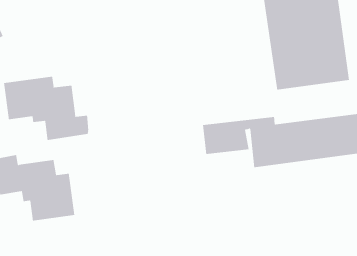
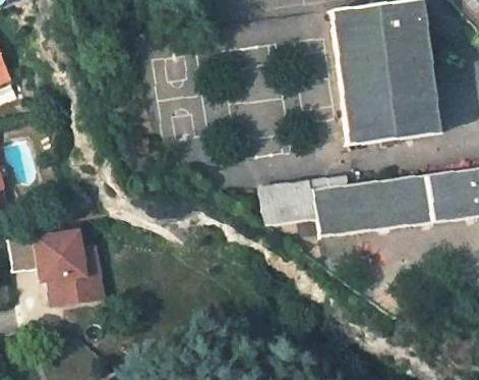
building: [3,76,89,141] -> none

